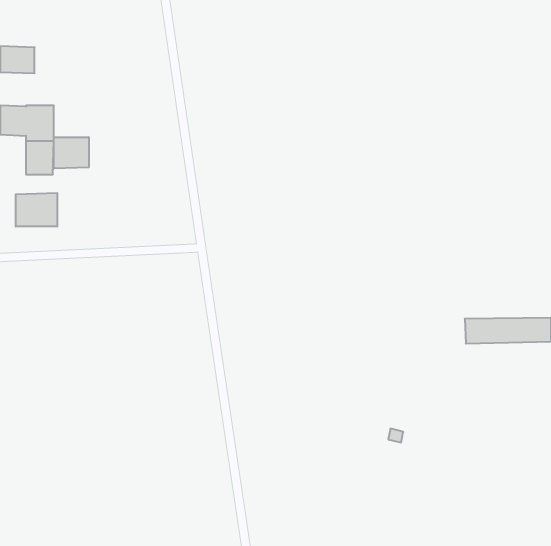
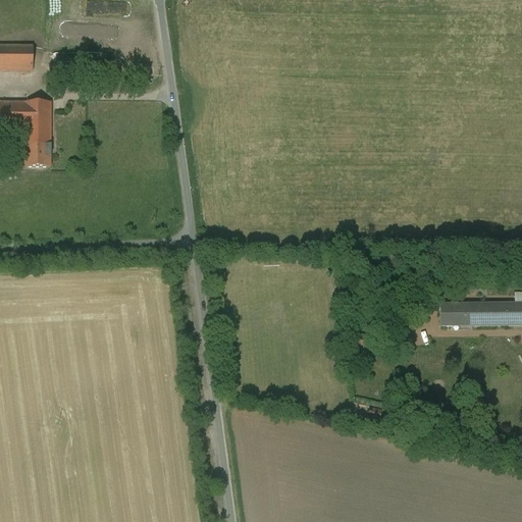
building: [54,137,89,169] -> none
building: [16,193,57,227] -> none

